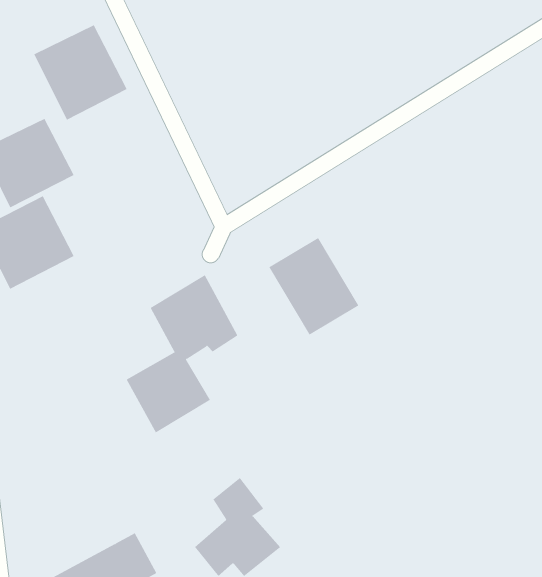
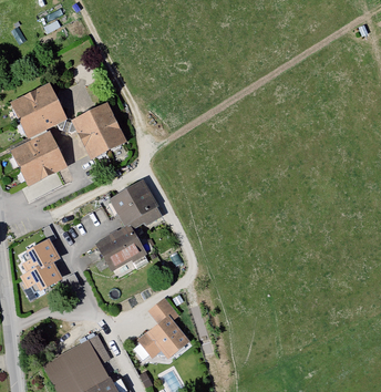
building: [33,25,127,120] -> [68,103,124,161]
building: [268,237,359,336] -> none
building: none -> [24,238,63,288]

